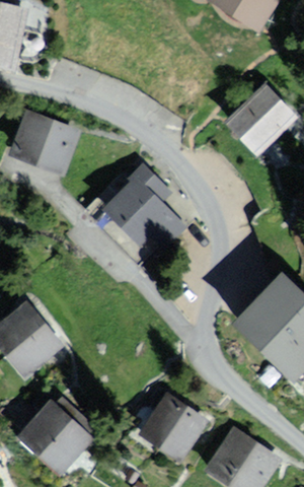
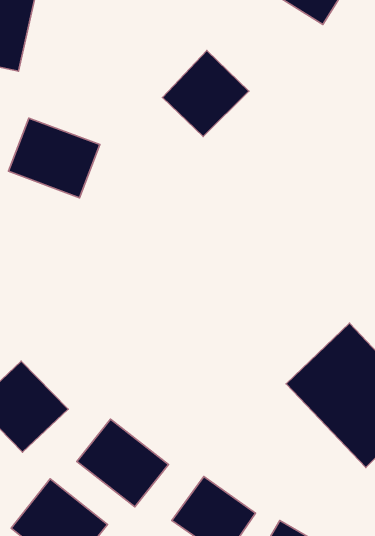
building: [229,83,298,152] -> [163,51,249,137]
building: [95,160,192,261] -> none
building: none -> [77,419,168,507]

